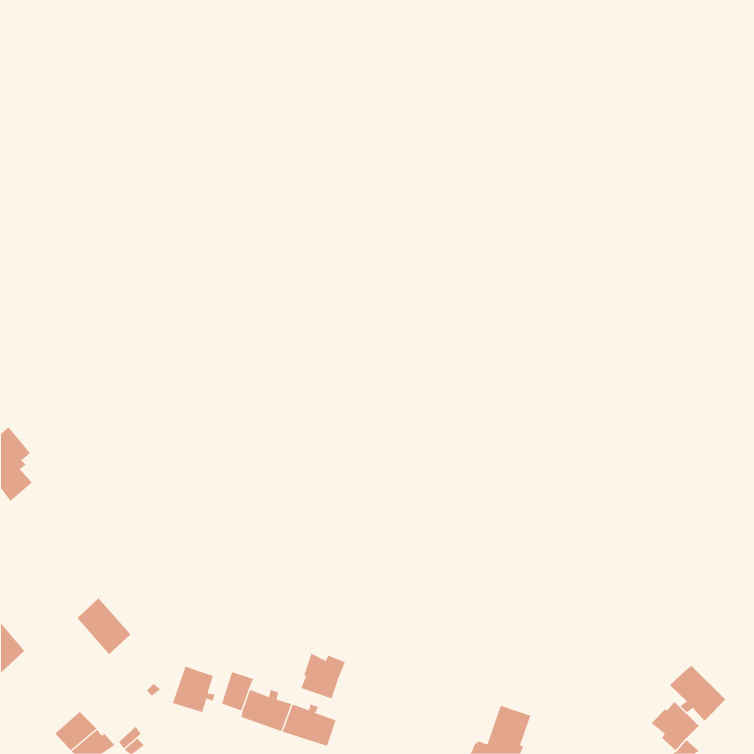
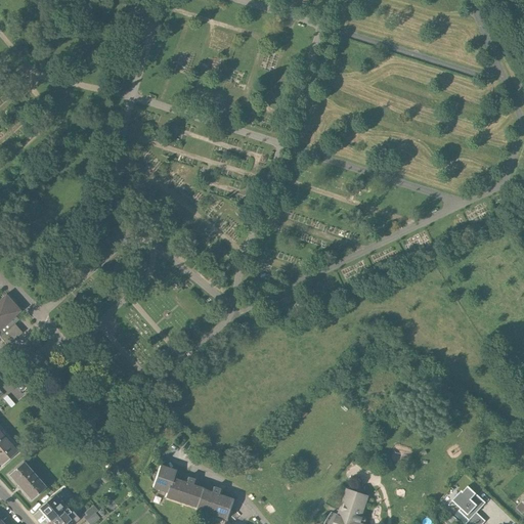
building: [76,598,131,655] -> [8,461,46,500]
building: [300,653,345,699] -> none
building: [669,665,726,721] -> none
building: [172,666,215,713] -> none

